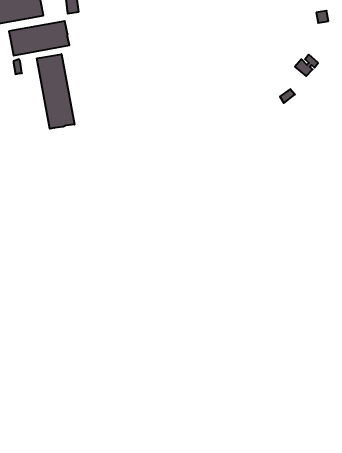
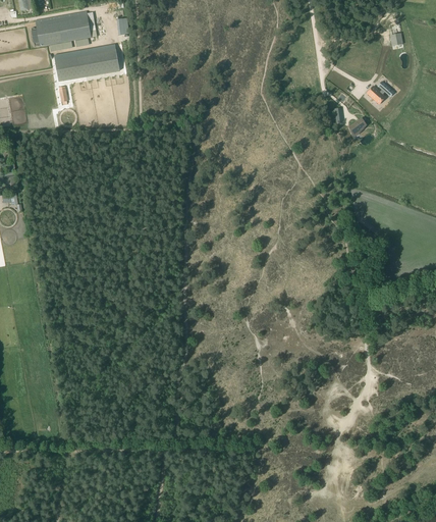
building: [37,54,74,129] -> none

